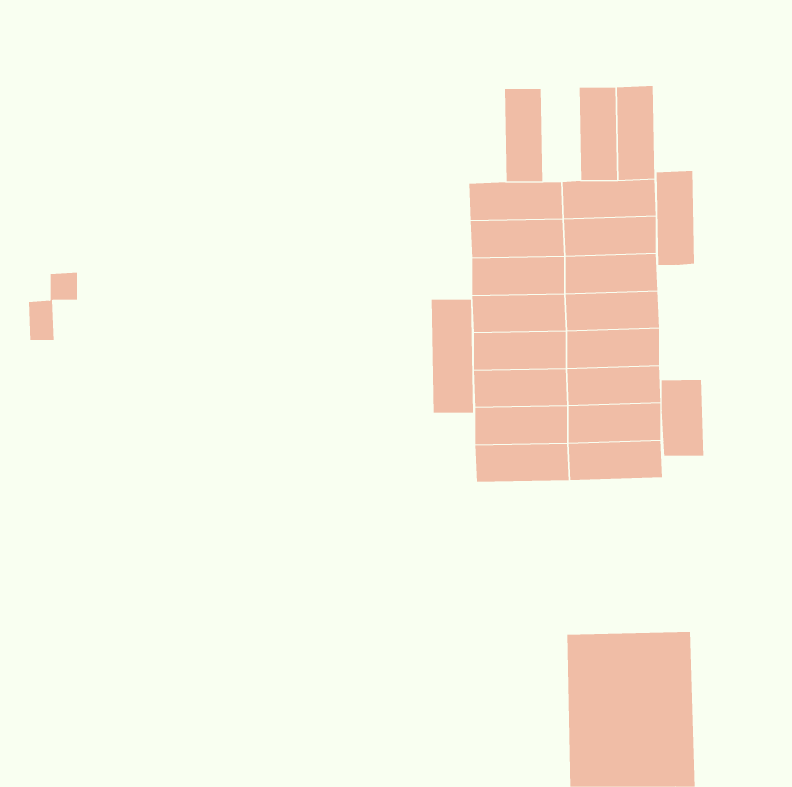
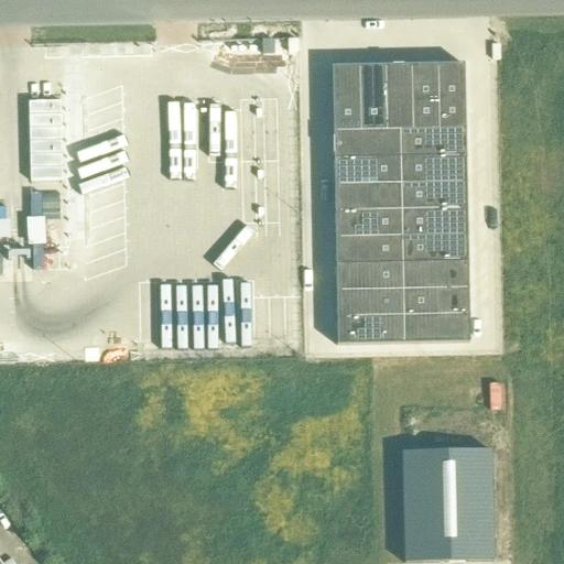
building: none -> [333,63,360,130]
building: none -> [31,98,64,178]
building: [656,171,695,265] -> [386,62,413,129]
building: [431,299,474,413] -> none
building: [661,379,704,457] -> none

